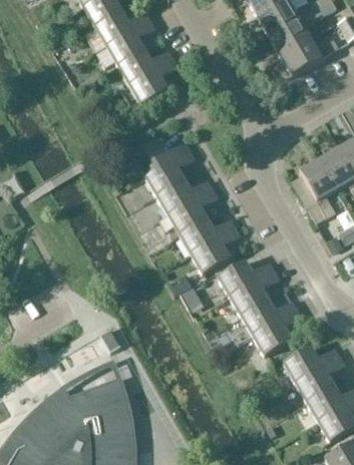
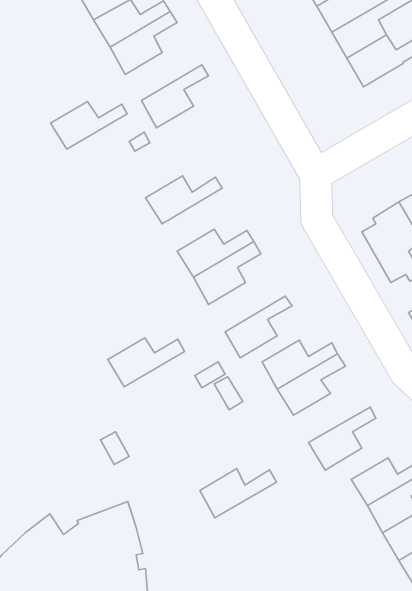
building: [118,50,174,85] -> [51,101,127,149]
building: [145,149,195,195] -> none
building: [180,218,236,255] -> [108,338,185,387]
building: [242,300,298,336] -> [200,469,276,518]

